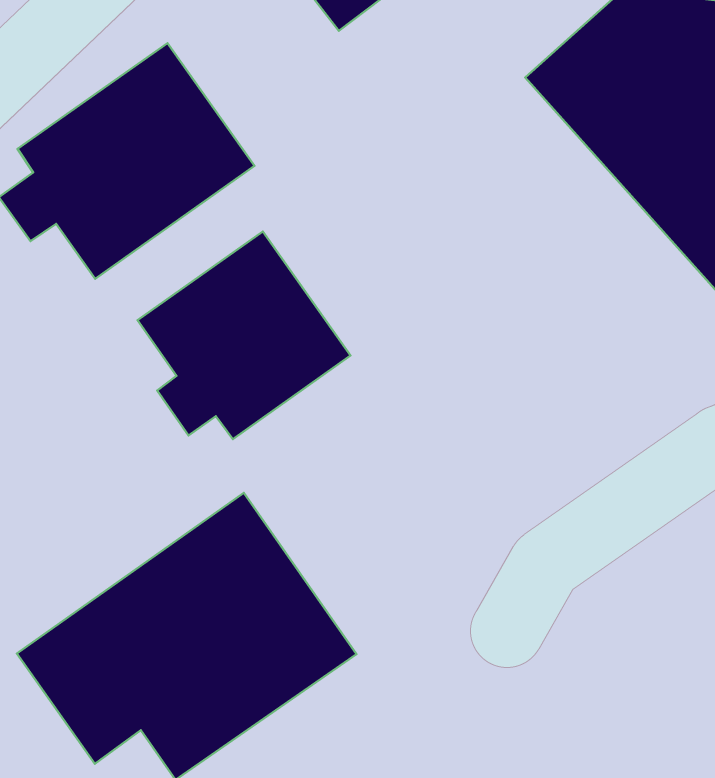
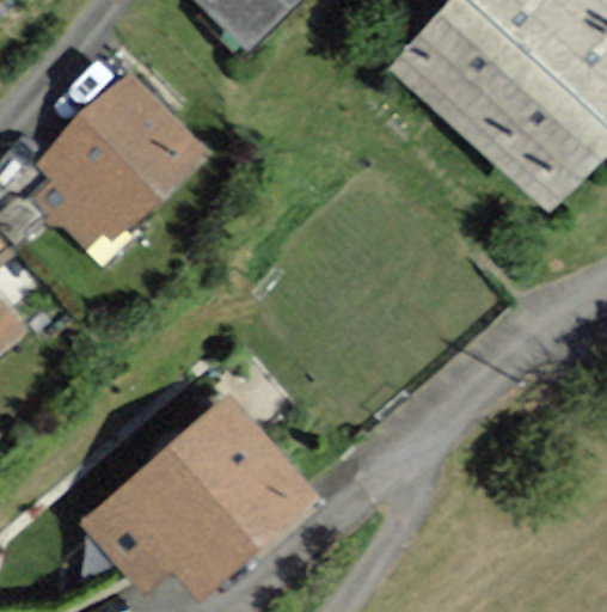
building: [137,232,350,439] -> none

